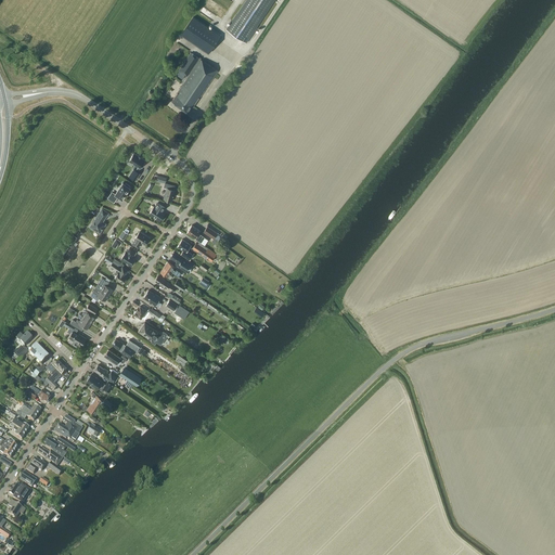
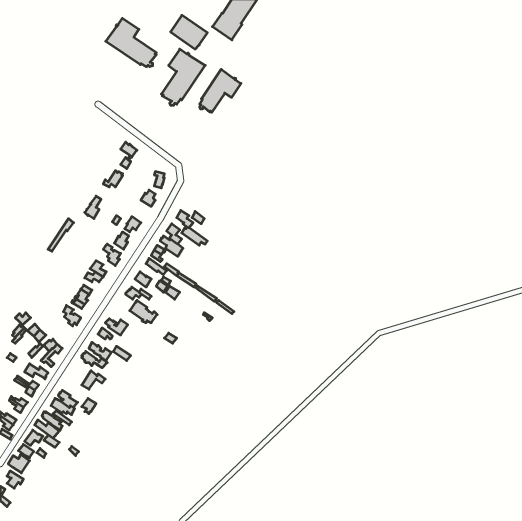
building: none -> [106,18,156,67]
building: none -> [200,69,241,112]

